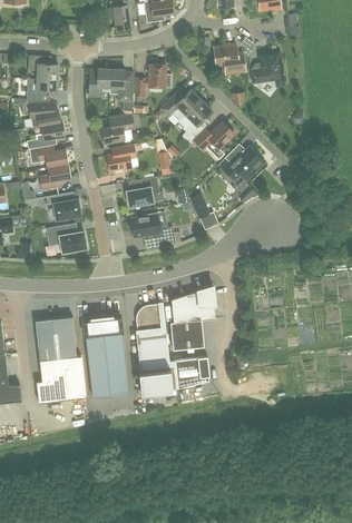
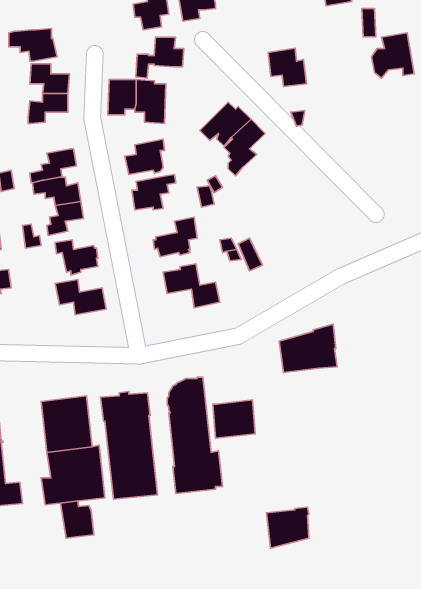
building: [251,52,284,88] -> [372,33,414,78]
building: [134,65,172,97] -> [136,37,184,78]
building: [21,100,59,126] -> [9,28,57,61]
building: [188,120,234,150] -> none
building: [223,147,262,179] -> none
building: [170,285,216,323] -> [279,324,337,373]
building: [175,355,208,387] -> [266,507,309,548]
building: none -> [60,501,94,538]

